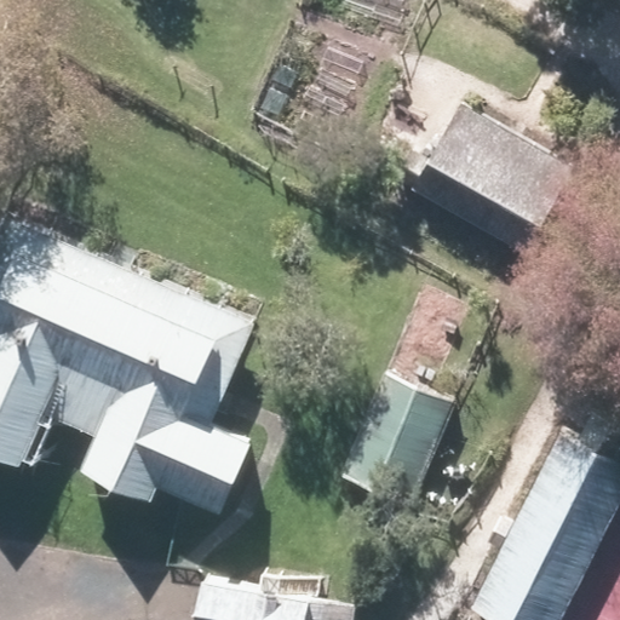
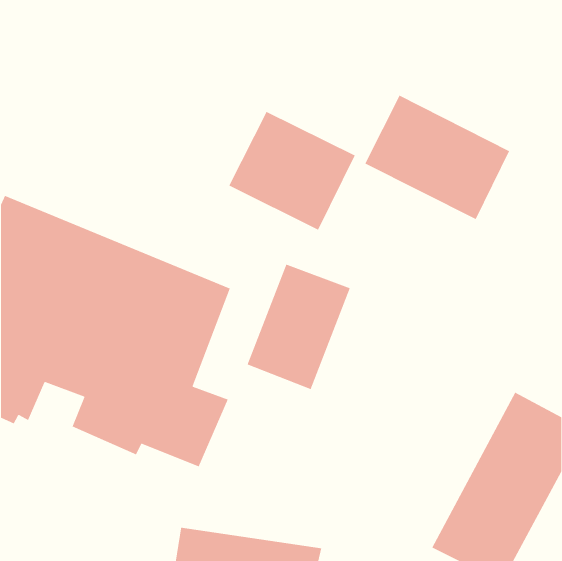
building: none -> [228,111,356,231]
building: [337,367,452,506] -> [246,264,351,390]

